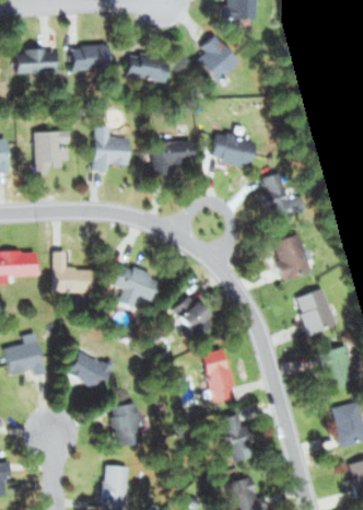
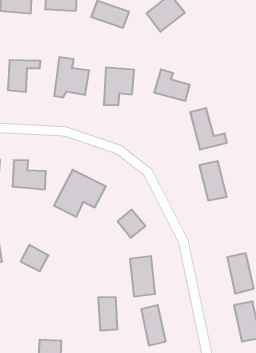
building: [298,287,333,336] -> none
building: [113,403,139,444] -> [98,297,118,330]

